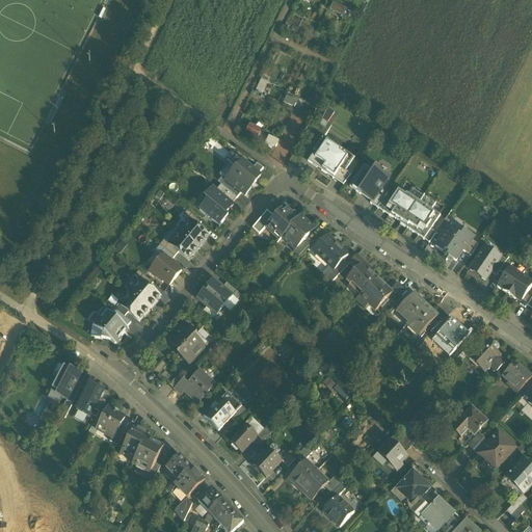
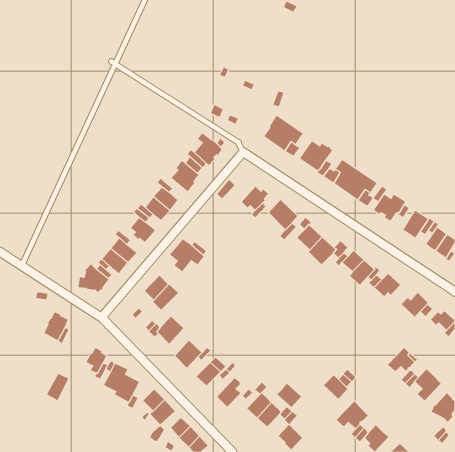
building: [266,206,300,236] -> none
building: [76,382,103,415] -> [46,373,69,401]
building: none -> [276,383,302,408]

